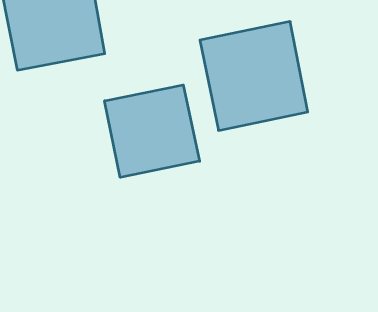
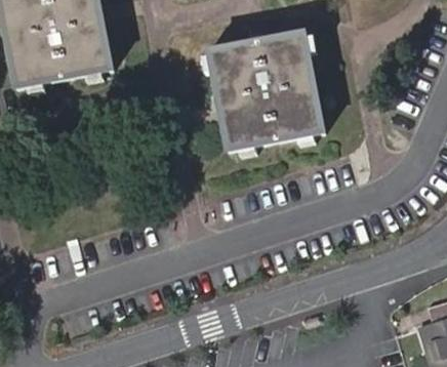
building: [105,85,200,177] -> none

